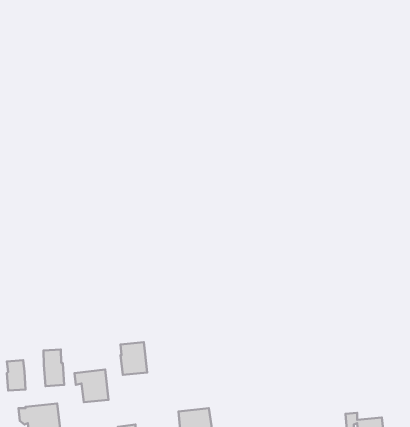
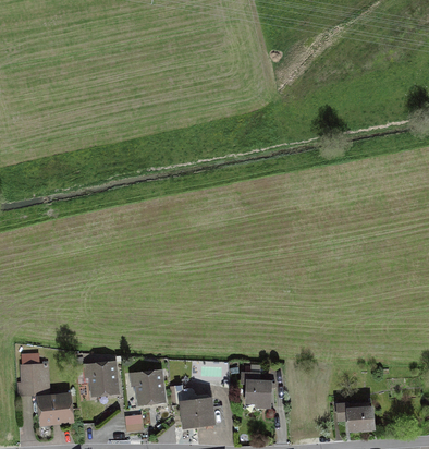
building: [120,342,147,375] -> [138,372,163,402]
building: [43,350,64,386] -> none
building: none -> [242,372,275,406]

